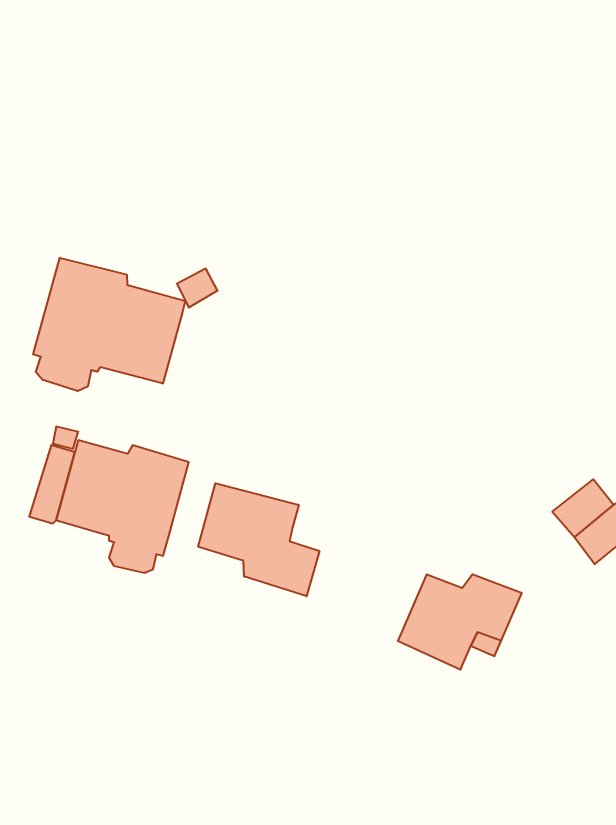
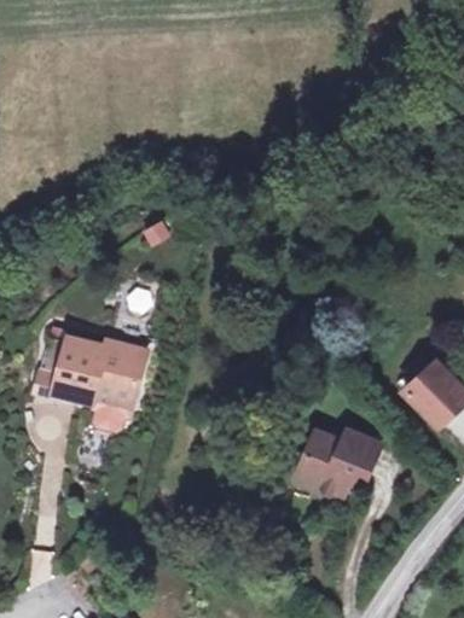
building: [33,258,185,391] -> none
building: [198,483,319,596] -> none

